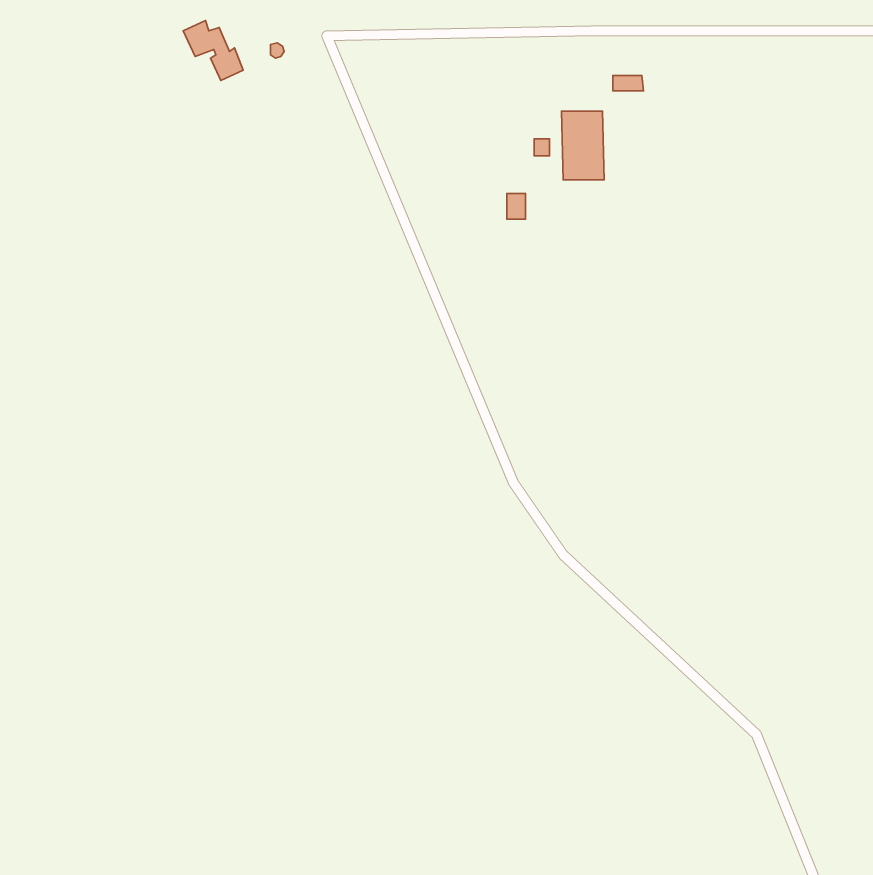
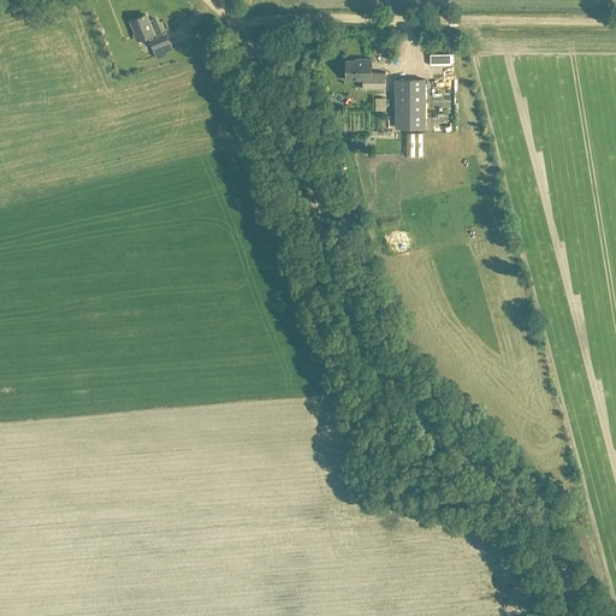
building: none -> [344,59,384,89]

